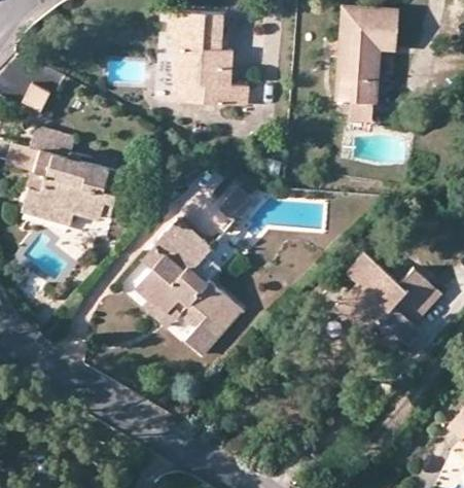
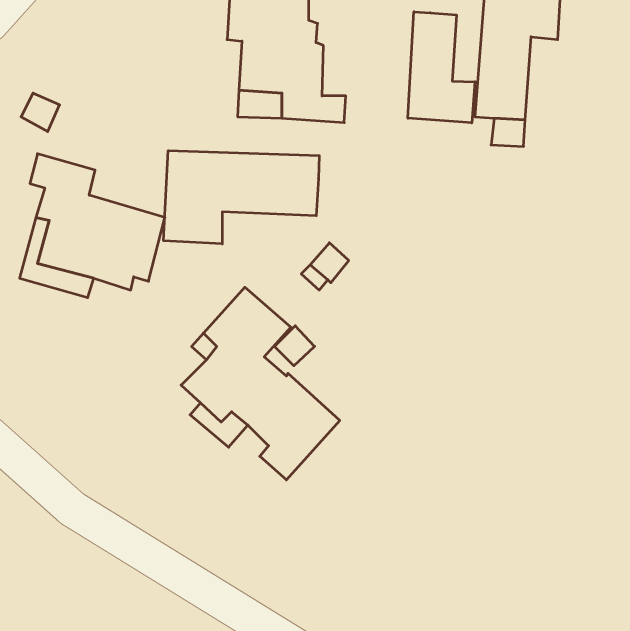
building: none -> [408,12,475,123]
building: none -> [164,151,319,244]
building: [334,254,439,348] -> none

